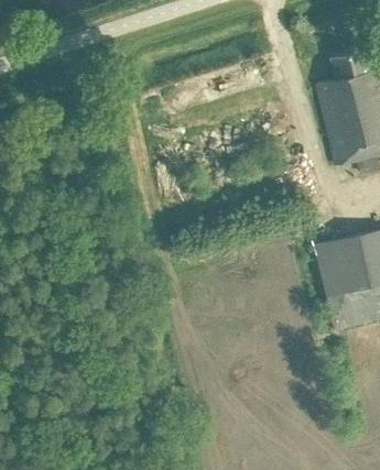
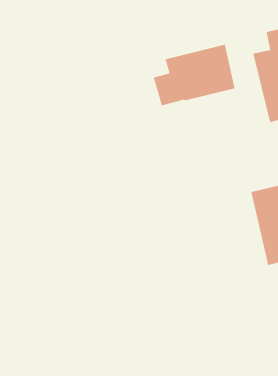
building: none -> [153,44,235,106]

